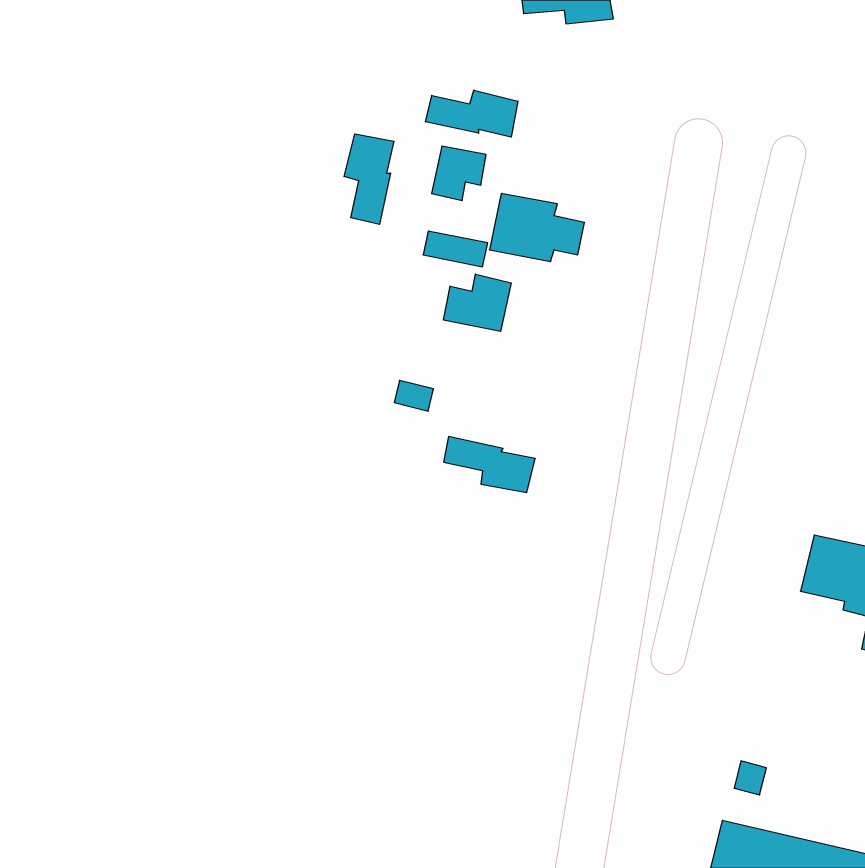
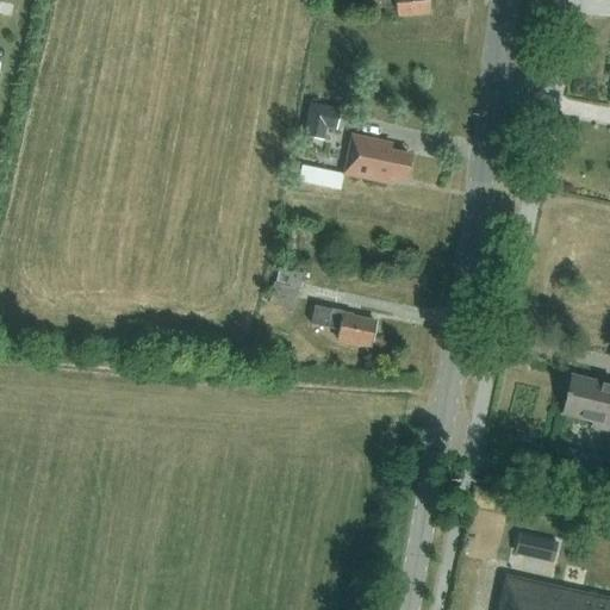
building: [426,90,518,137] -> none
building: [344,134,394,224] -> none
building: [444,274,511,331] -> none

